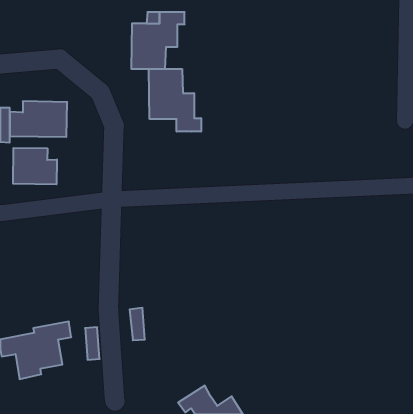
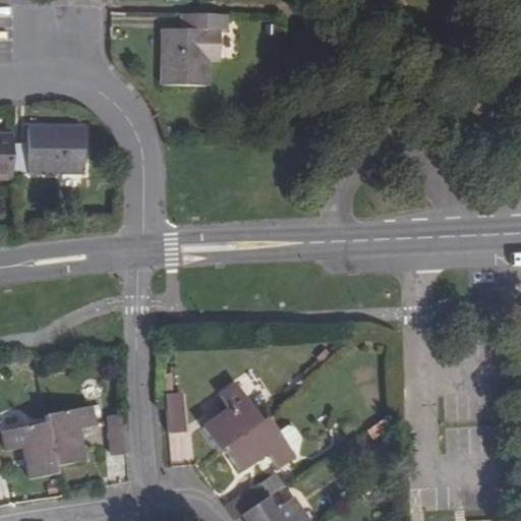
building: [149,69,201,132] -> none
building: [13,148,57,184] -> none
building: none -> [204,385,294,471]

